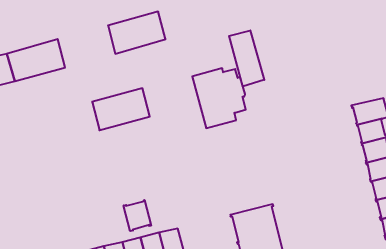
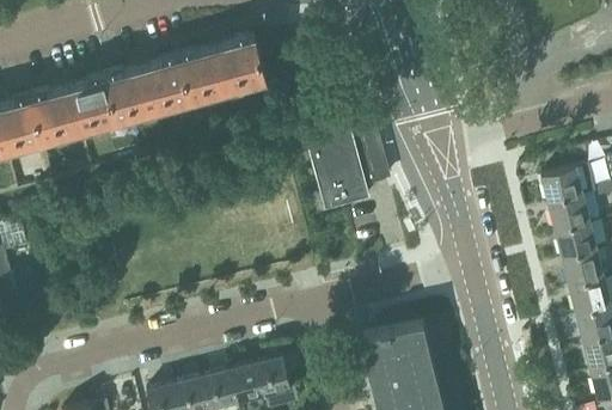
building: [229,30,264,86] -> none
building: [92,88,150,130] -> [106,61,191,123]
building: [124,200,151,231] -> none

